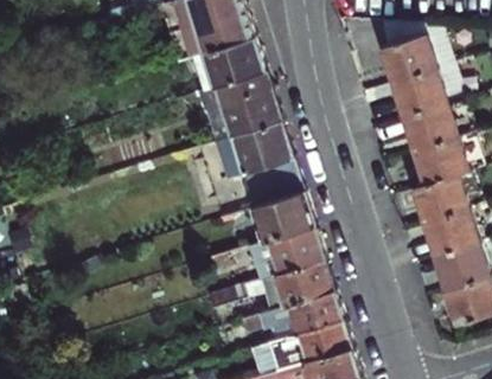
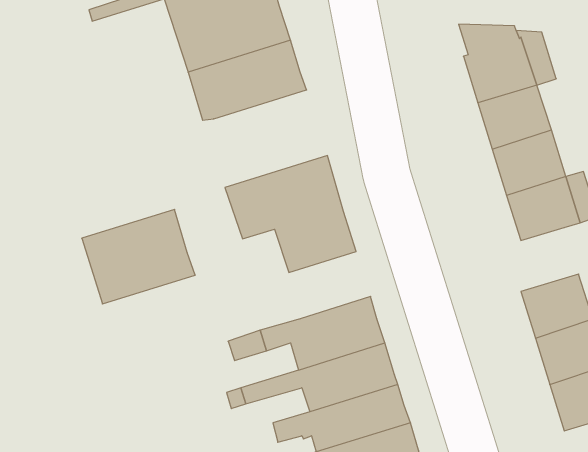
building: [196,72,280,142] -> [82,209,195,304]
building: [413,174,466,221] -> none
building: [250,192,312,242] -> none

